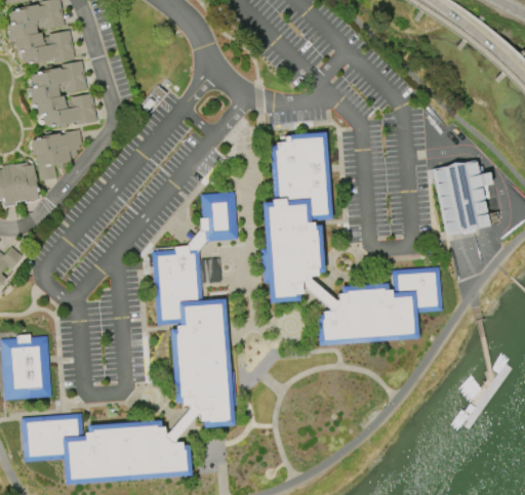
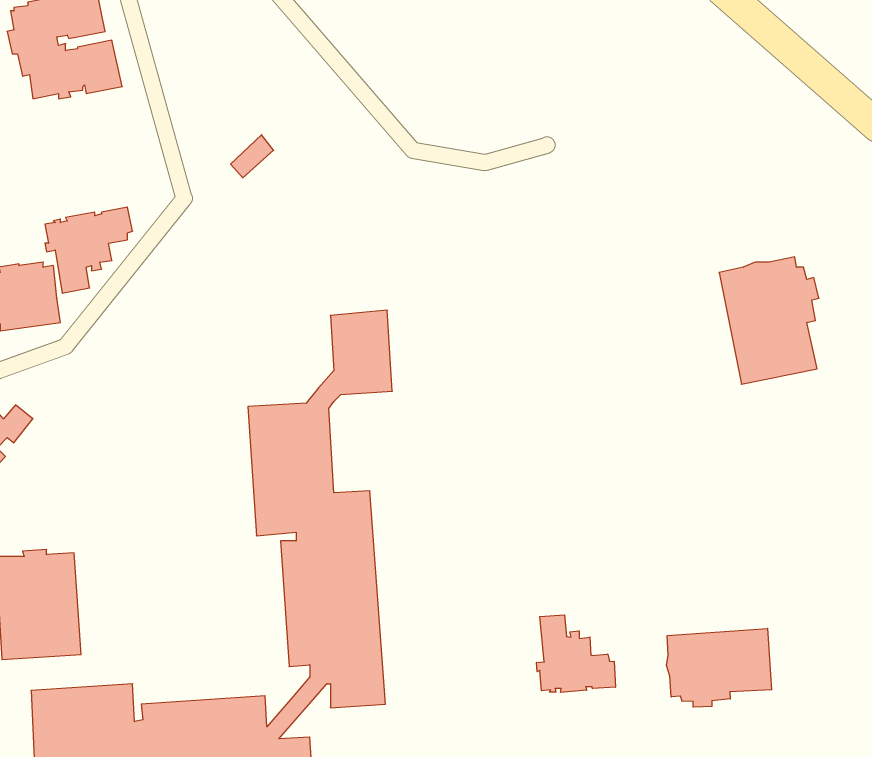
building: [30,60,97,127] -> none
building: [261,132,442,345] -> none
building: none -> [537,615,615,692]
building: none -> [667,628,772,707]

